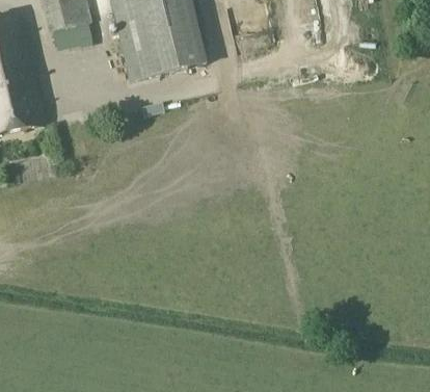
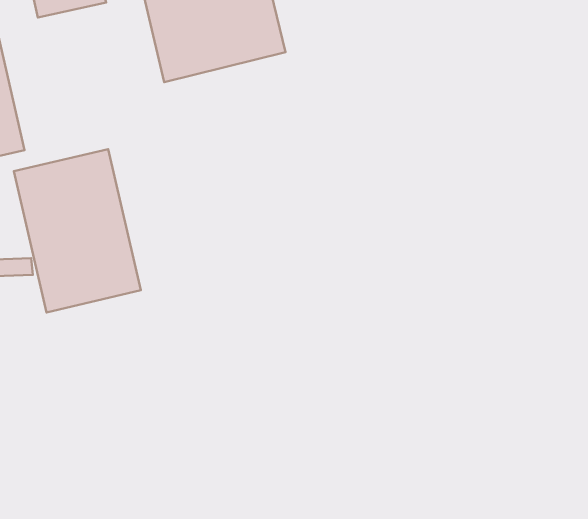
building: none -> [14,149,141,312]

